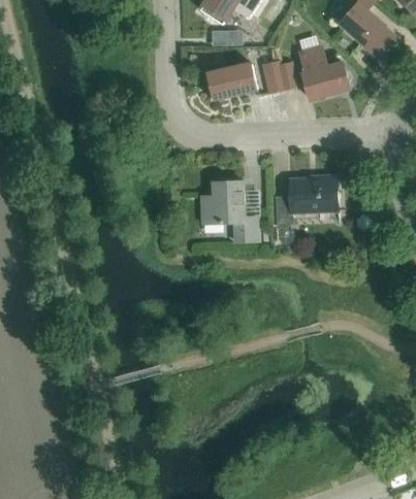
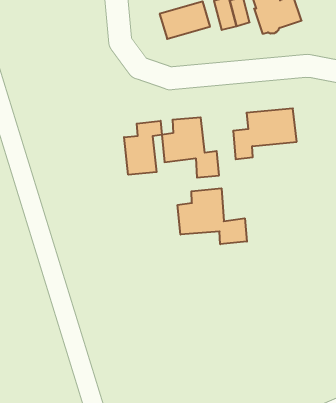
building: none -> [124,121,162,175]
building: none -> [178,188,247,244]

